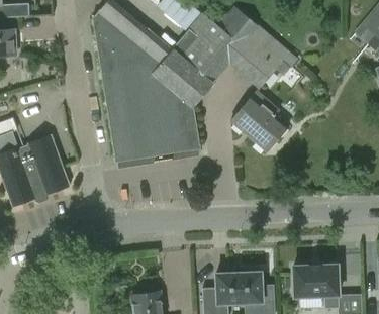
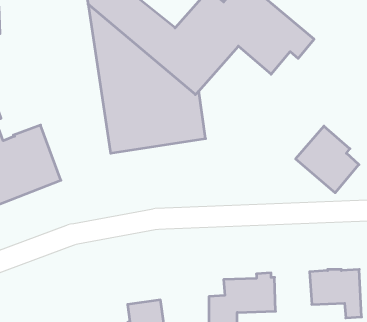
building: [230,91,287,150] -> [296,126,359,193]

